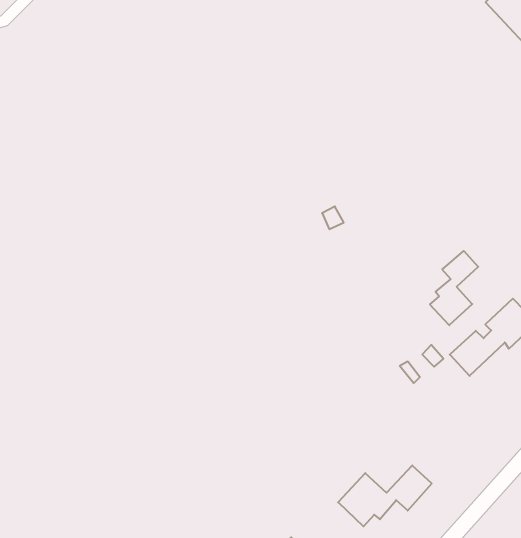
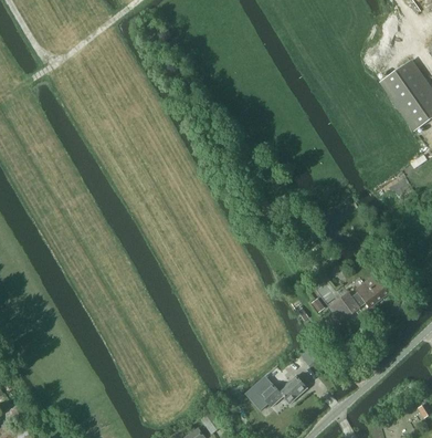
building: [430,251,478,325] -> none

